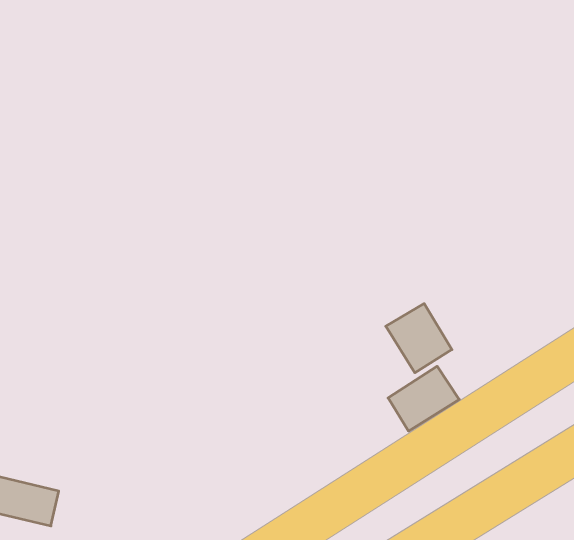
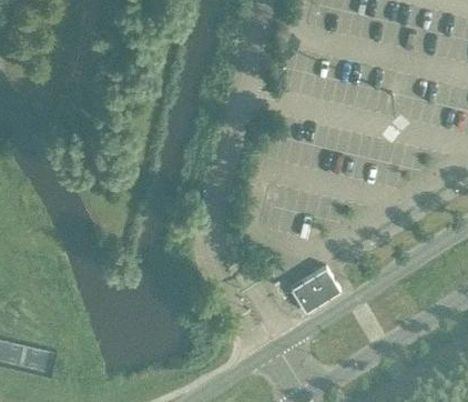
building: [386,304,452,373] -> none

